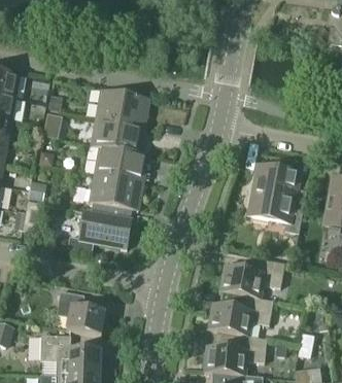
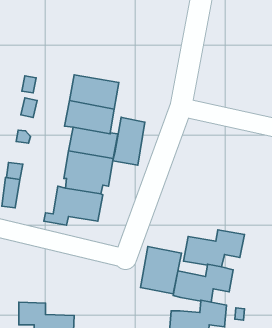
building: none -> [113,117,145,165]
building: [251,164,306,232] -> none
building: none -> [141,247,181,294]
building: [57,290,105,335] -> none

